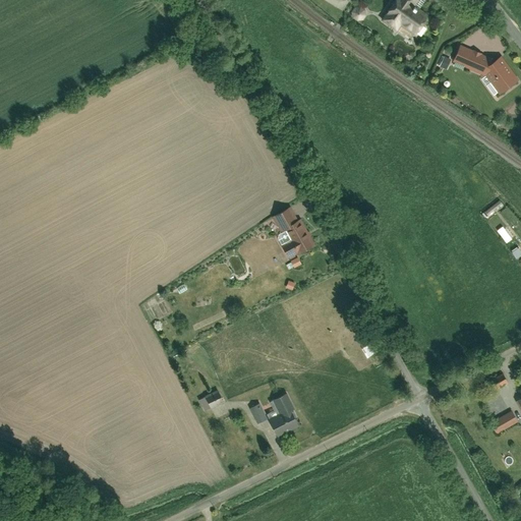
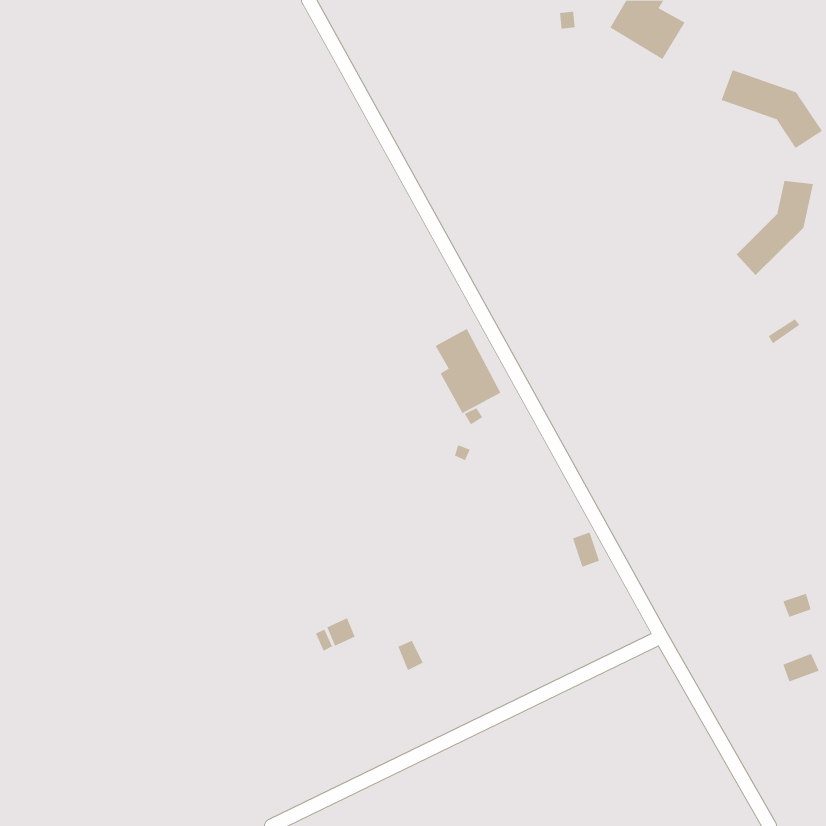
building: none -> [736,180,814,276]
building: [268,392,297,433] -> none

